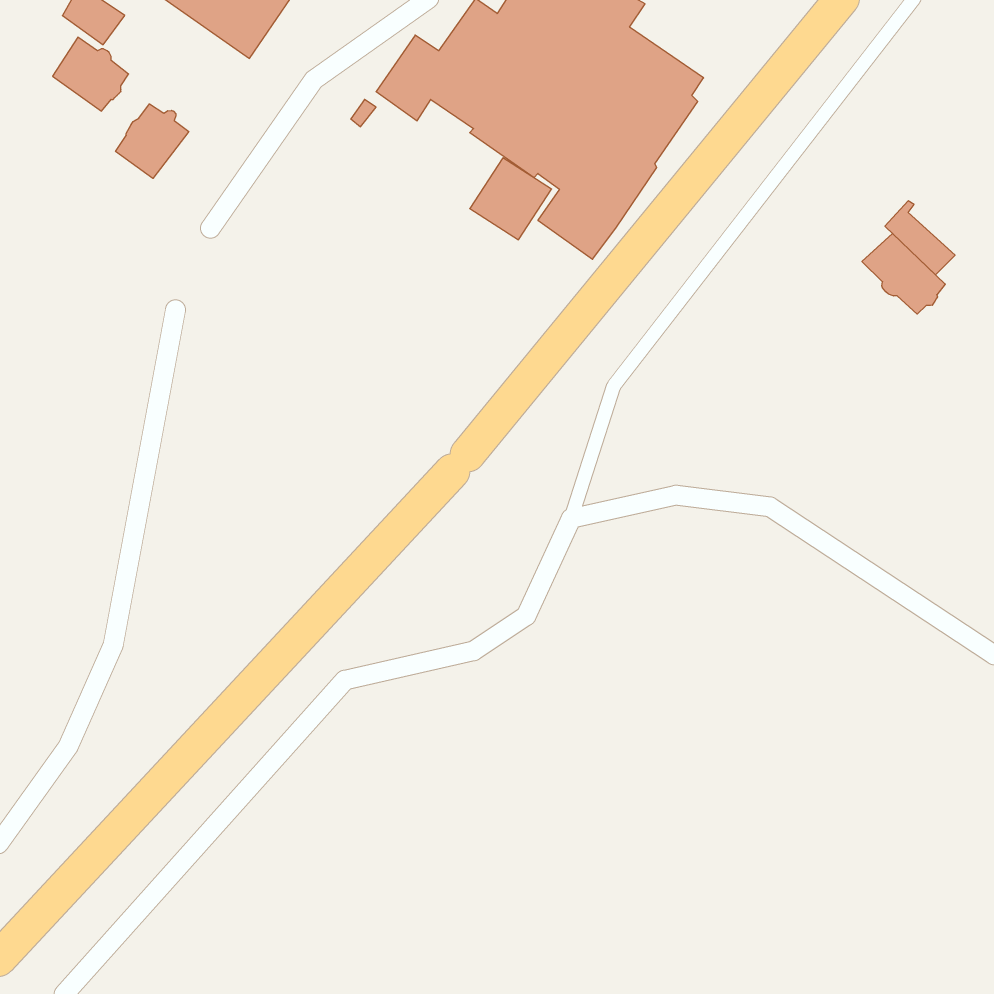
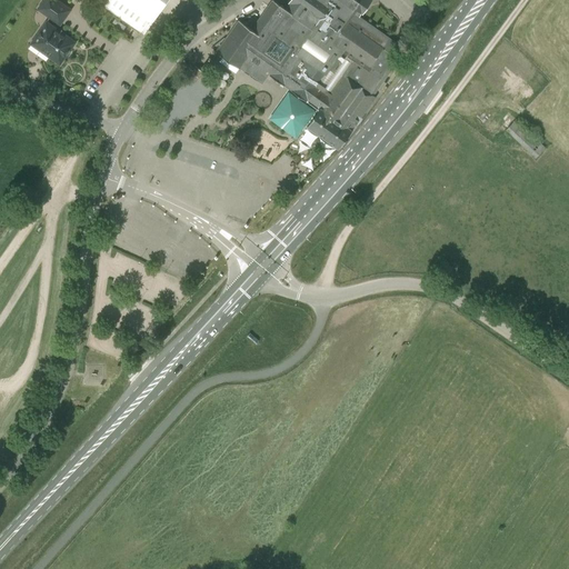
building: [116,104,189,178] -> none
building: [862,233,945,314] -> none

